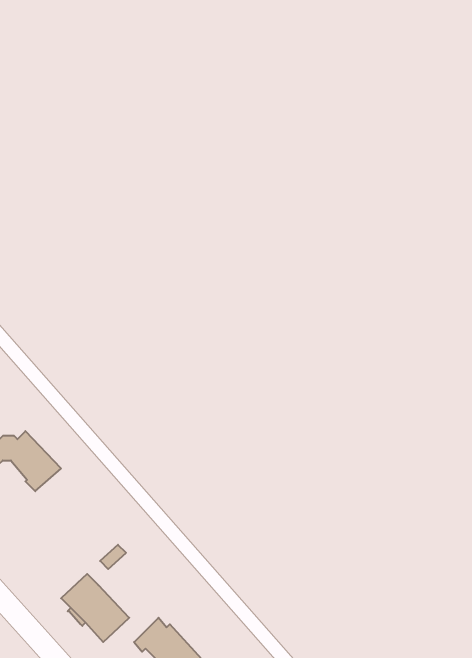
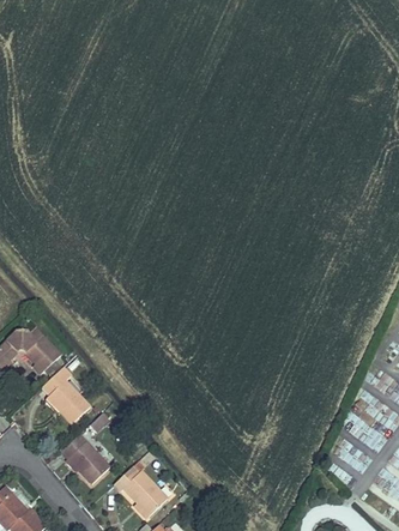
building: none -> [42,367,90,424]

